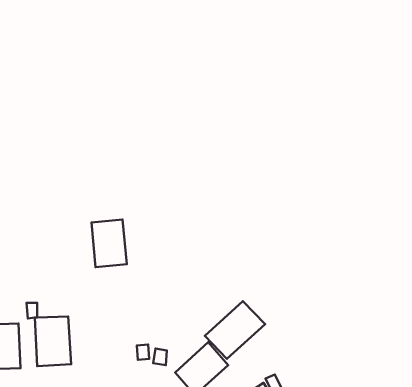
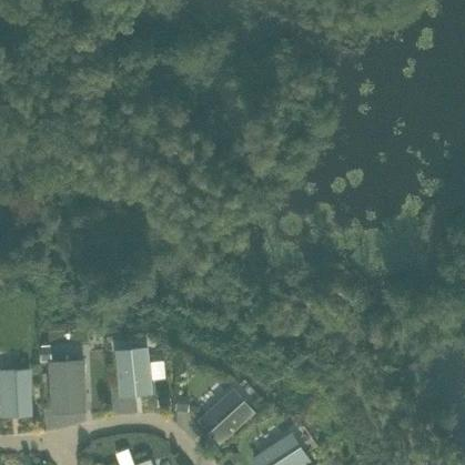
building: [91,220,127,267] -> [114,347,152,398]
building: [205,301,265,359] -> none

